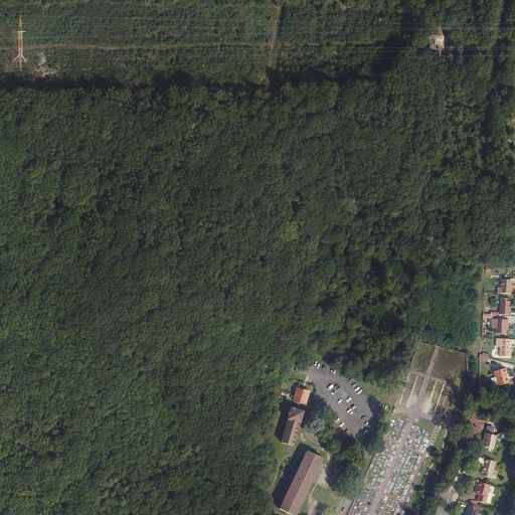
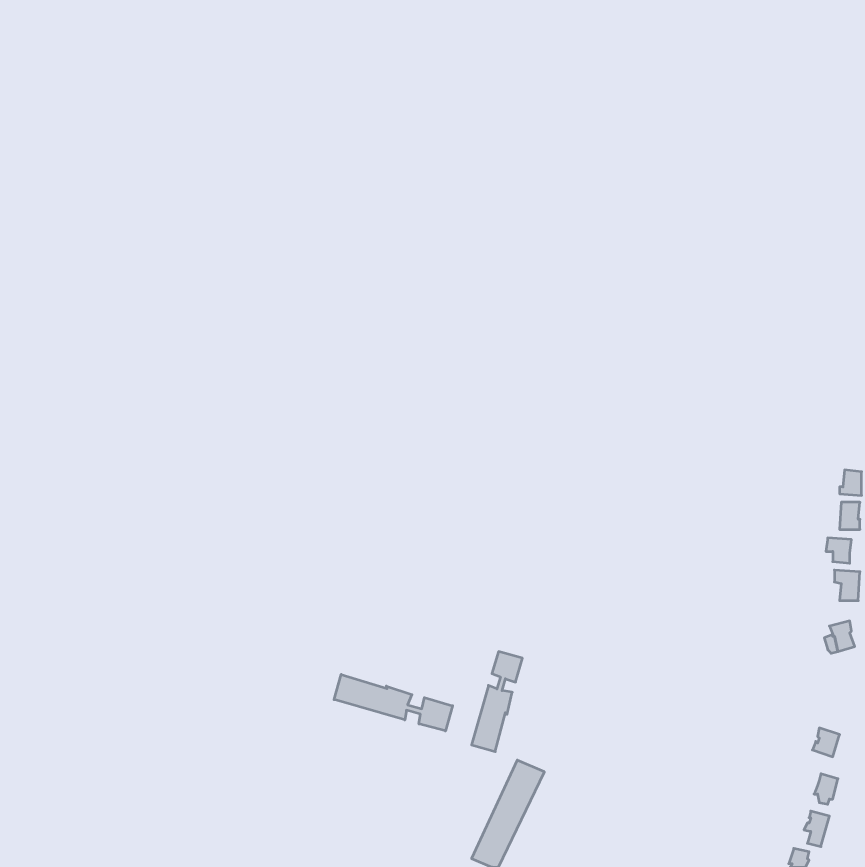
building: none -> [334,674,453,731]

